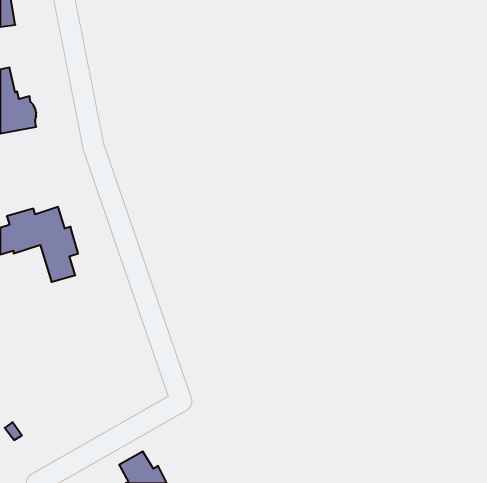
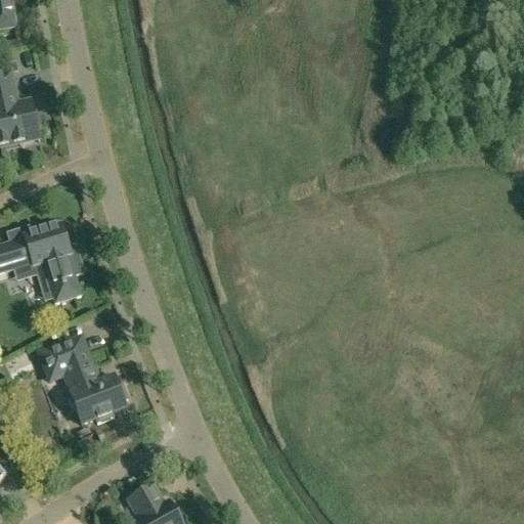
building: none -> [39,337,128,425]

